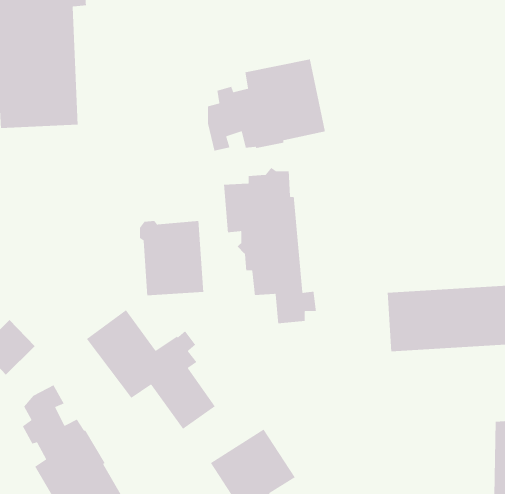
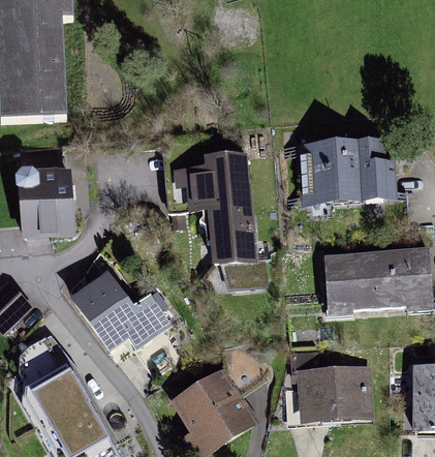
building: [207,58,326,152] -> none
building: none -> [300,140,403,223]
building: [139,220,204,296] -> [18,170,72,234]
building: none -> [286,349,367,417]

